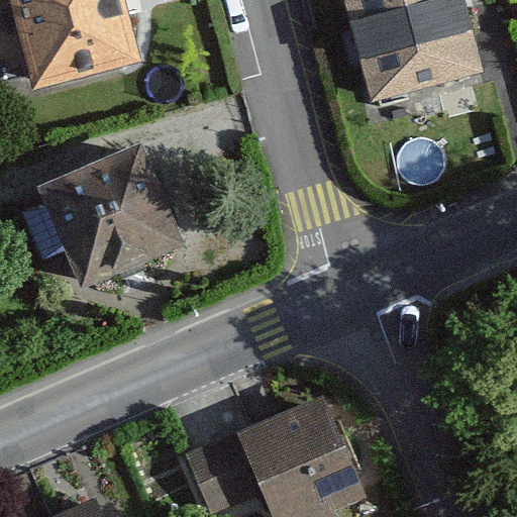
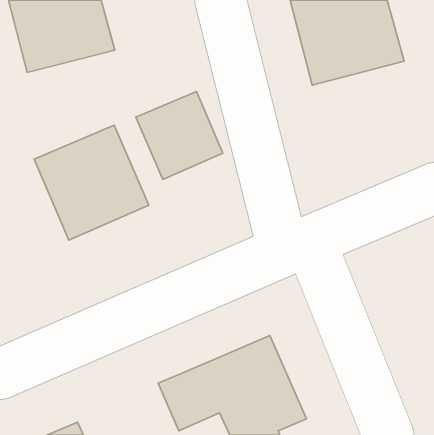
building: none -> [136,91,223,179]

